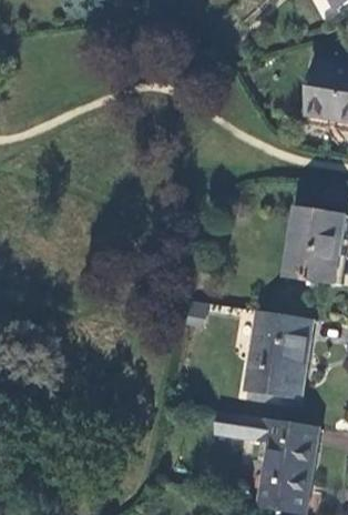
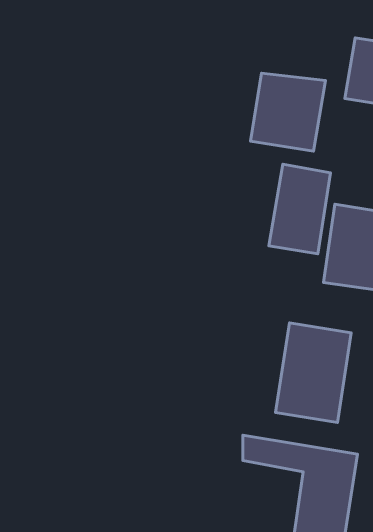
building: none -> [250,73,325,151]
building: none -> [269,164,330,254]

